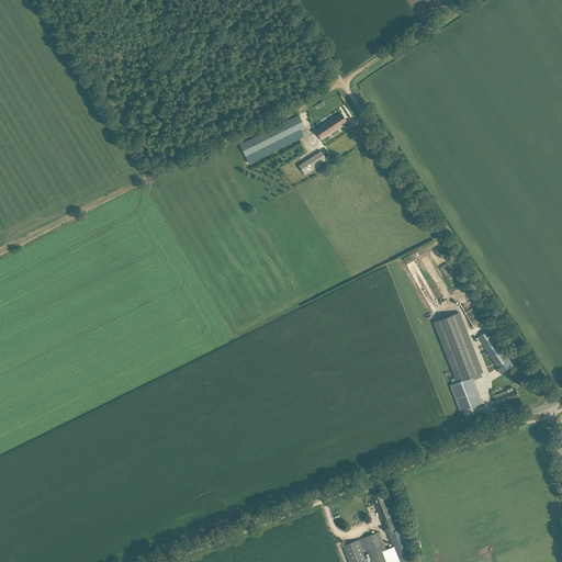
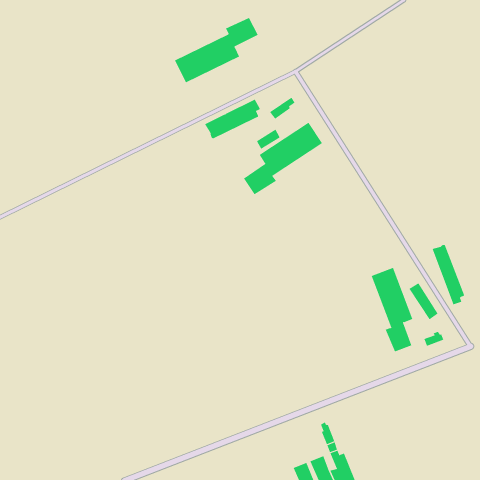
building: none -> [174,17,258,83]
building: none -> [243,122,323,195]
building: none -> [432,244,465,305]

